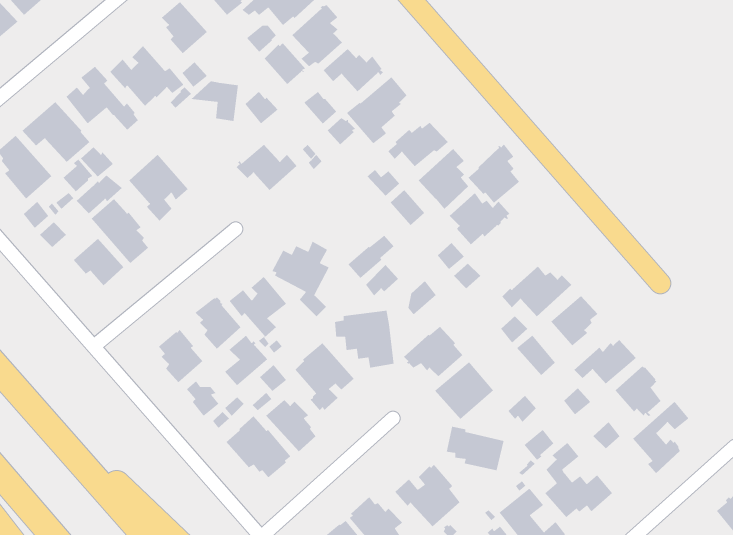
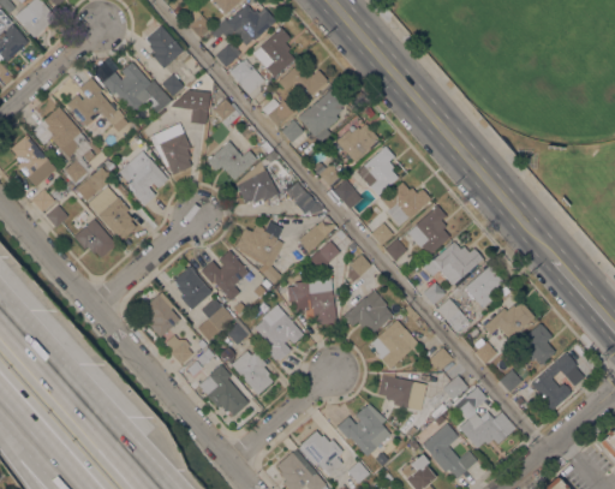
building: none -> [151,124,191,175]
building: [467,144,520,204] -> [407,205,450,255]
building: none -> [235,162,279,203]
building: none -> [287,181,323,214]

